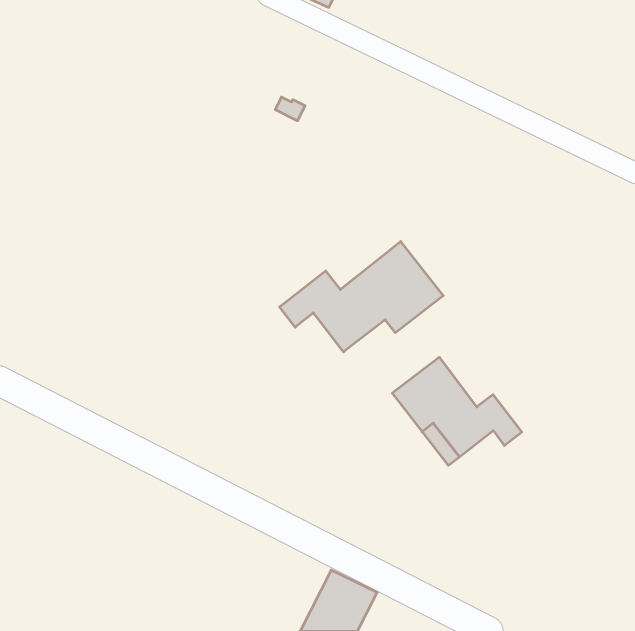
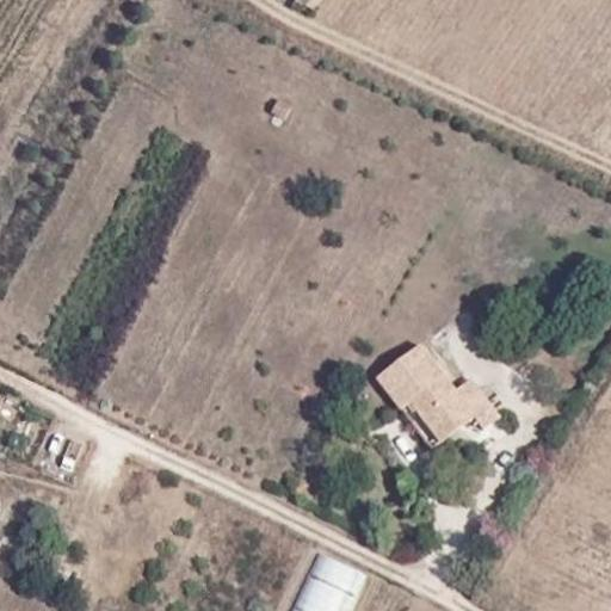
building: [280,241,443,352] -> none

